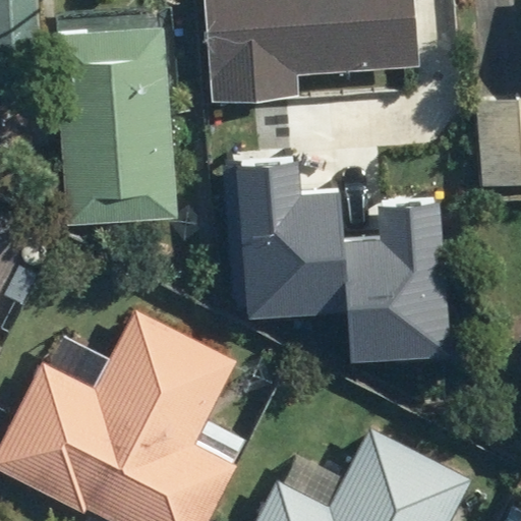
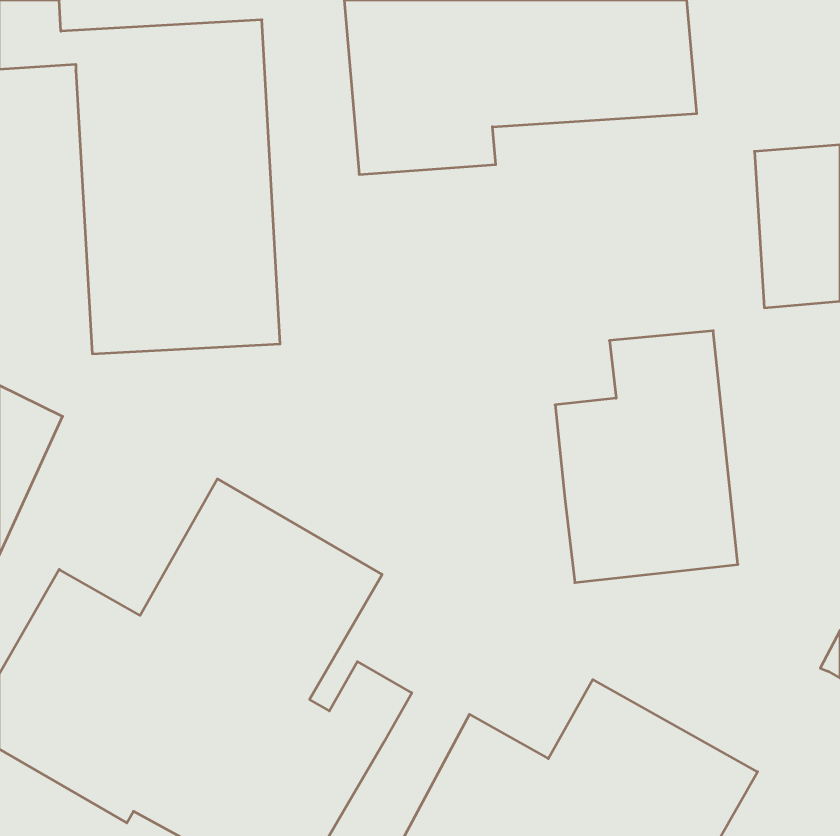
building: [242,160,349,319] -> none

